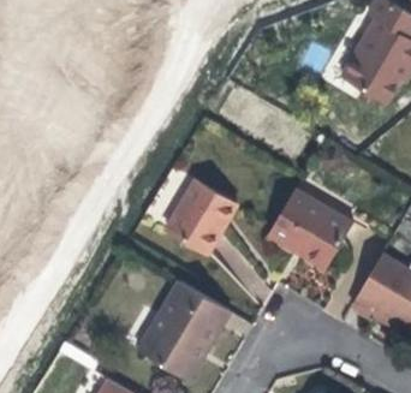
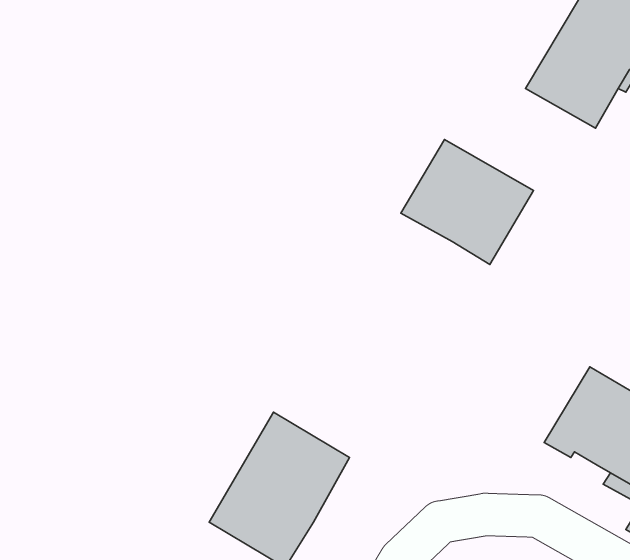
building: [163,178,236,252] -> none
building: [267,187,351,267] -> [401,139,533,264]

